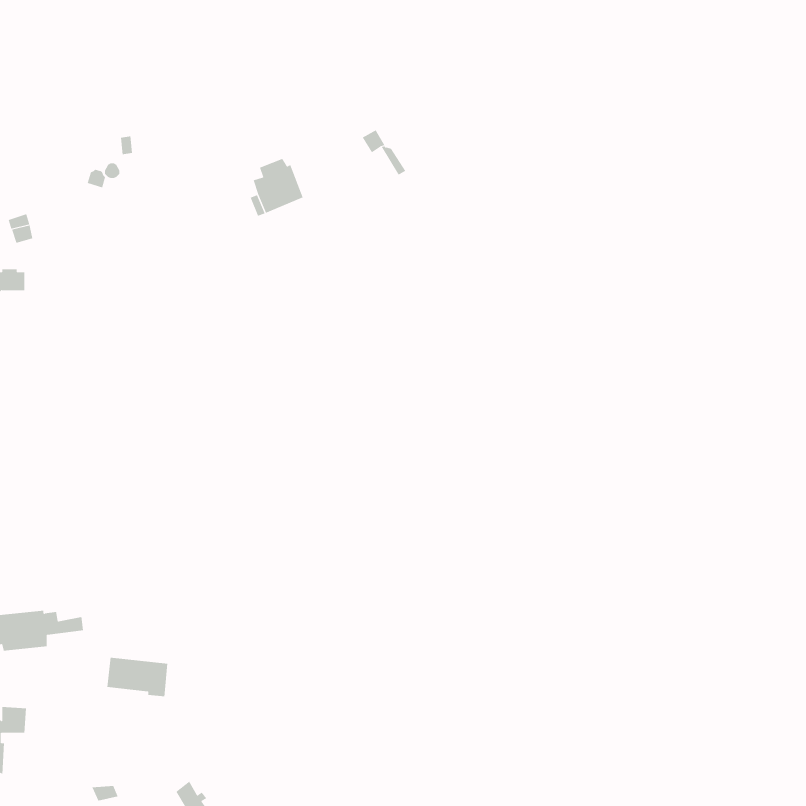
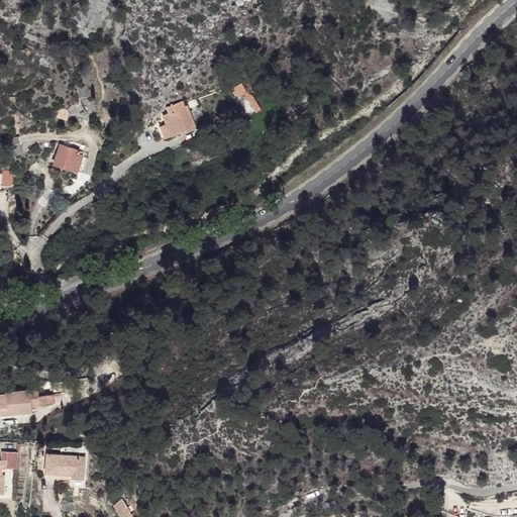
building: none -> [53,146,82,173]
building: [107,657,168,697] -> [44,454,84,480]

